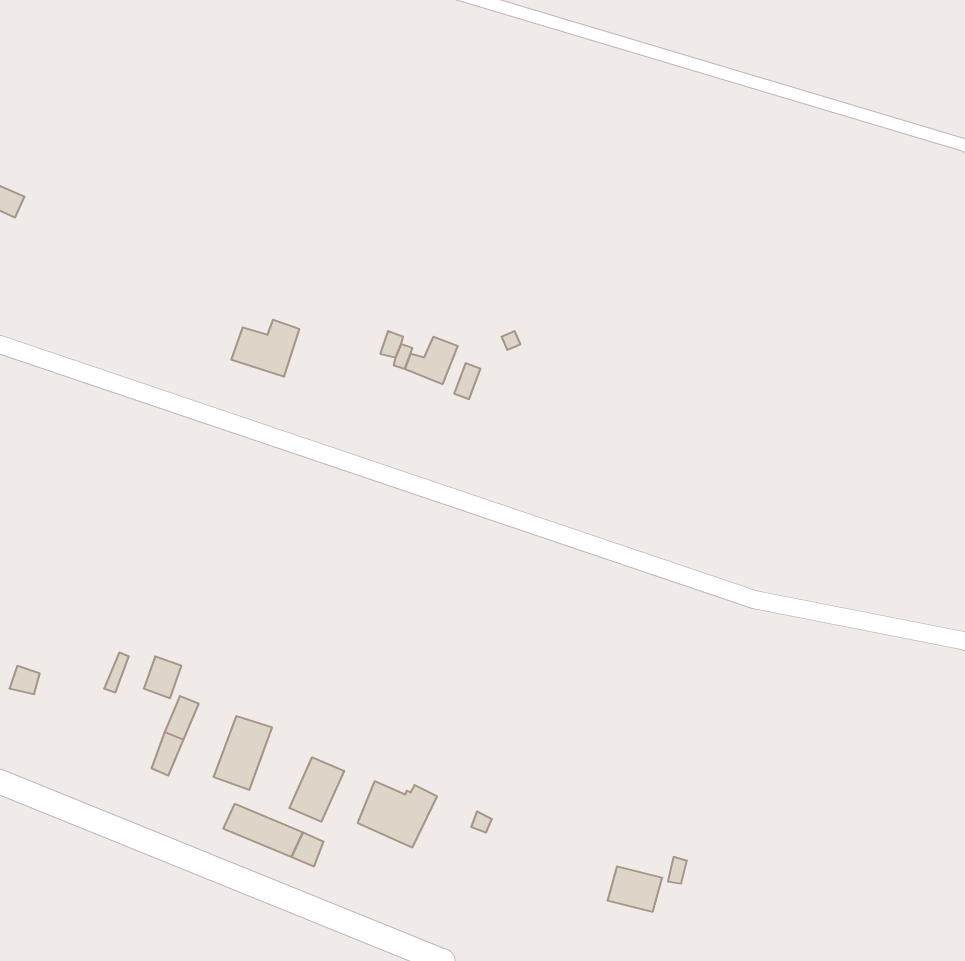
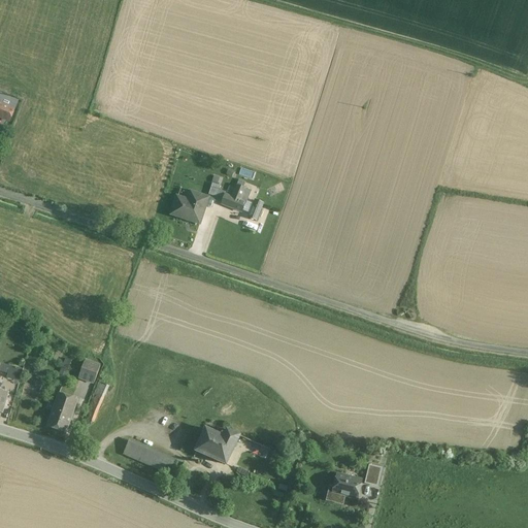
building: [231,320,299,377] -> [170,191,207,222]
building: [213,716,272,790] -> [45,391,77,431]
building: [289,757,344,822] -> none

